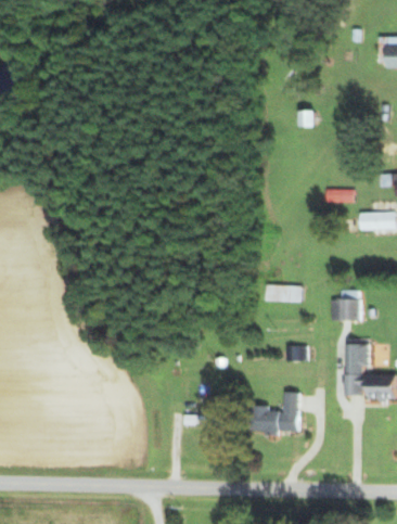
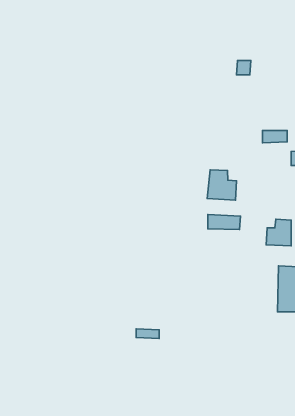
building: none -> [207,170,236,200]
building: [249,392,299,433] -> none

